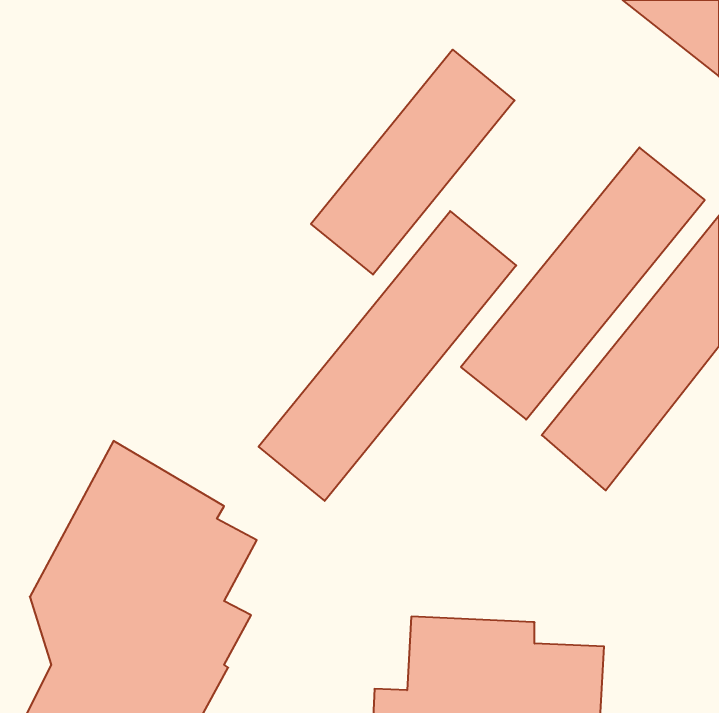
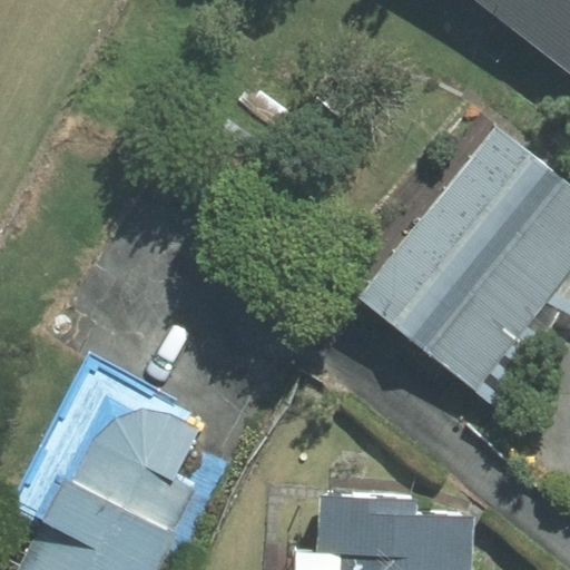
building: [311,50,515,275] -> none
building: [259,211,516,501] -> none

